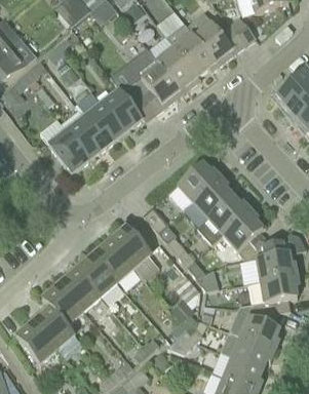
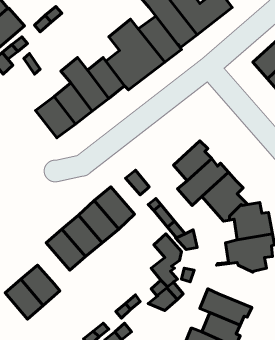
building: [178,162,221,202] -> none
building: [42,283,84,326] -> none
building: [229,304,280,351] -> none

